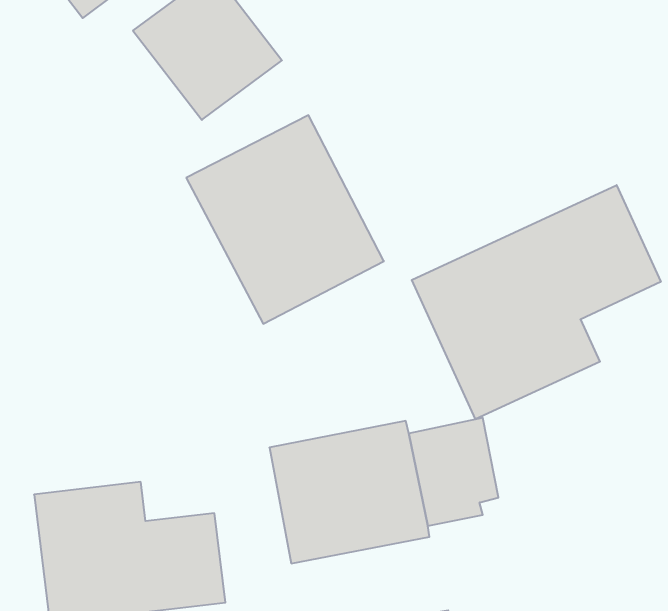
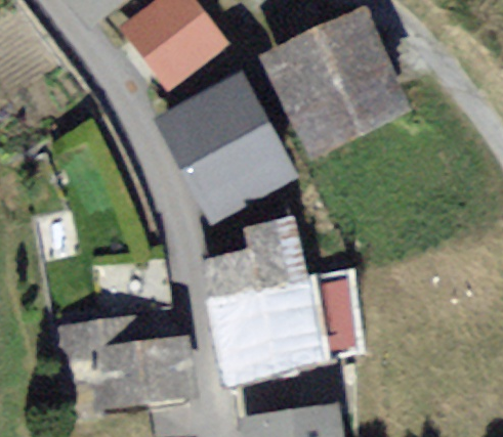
building: none -> [269,12,403,147]
building: [412,185,661,419] -> none
building: none -> [209,220,305,297]

